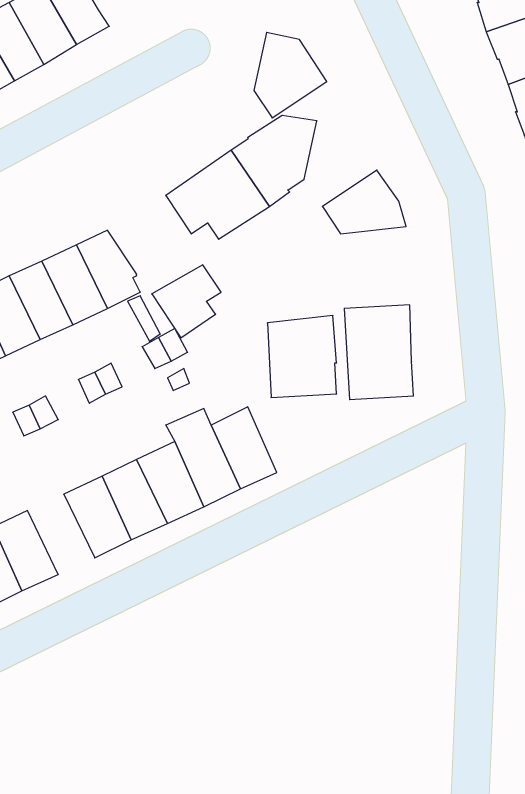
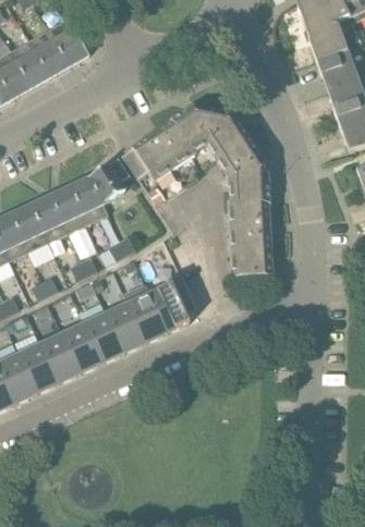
building: [254,32,327,118] -> [206,110,250,161]
building: [152,265,221,338] -> [88,158,130,201]
building: [267,316,337,398] -> [228,173,269,222]
building: none -> [40,333,81,381]

